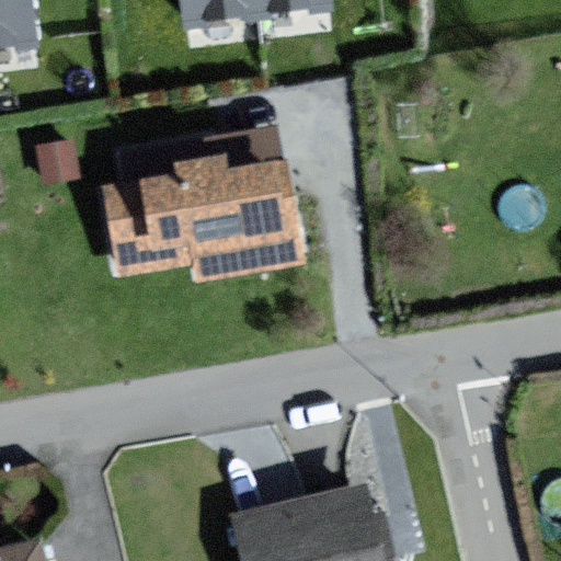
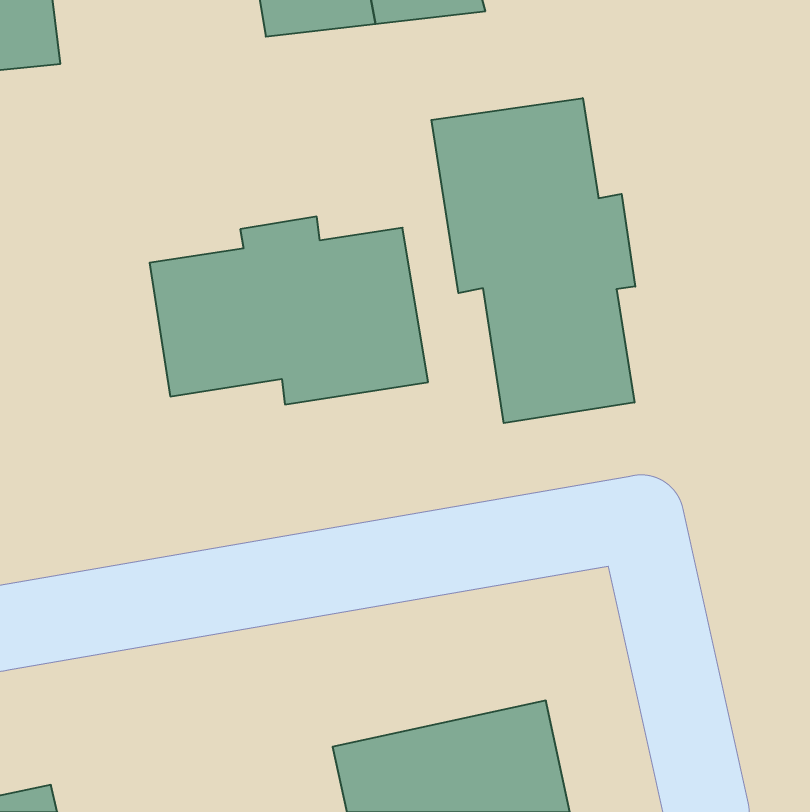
building: none -> [431,98,635,423]

